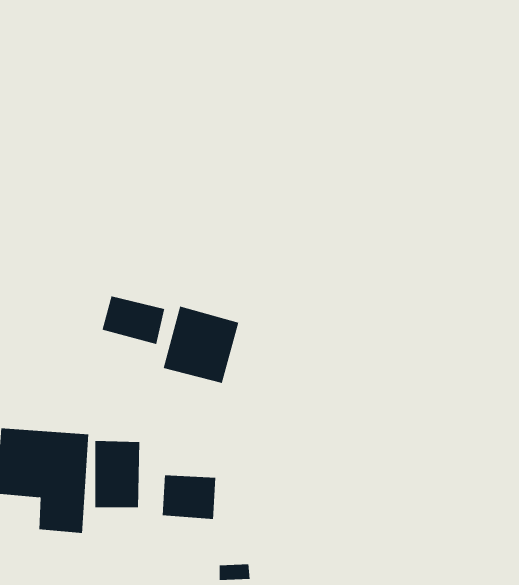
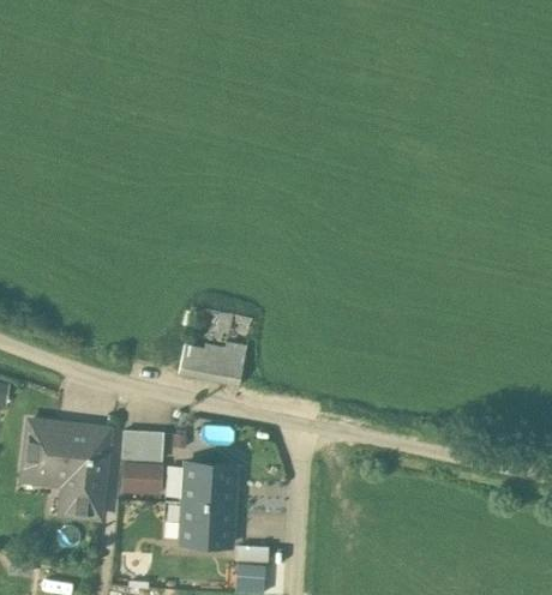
building: [102,295,165,345] -> none
building: none -> [178,503,229,545]

